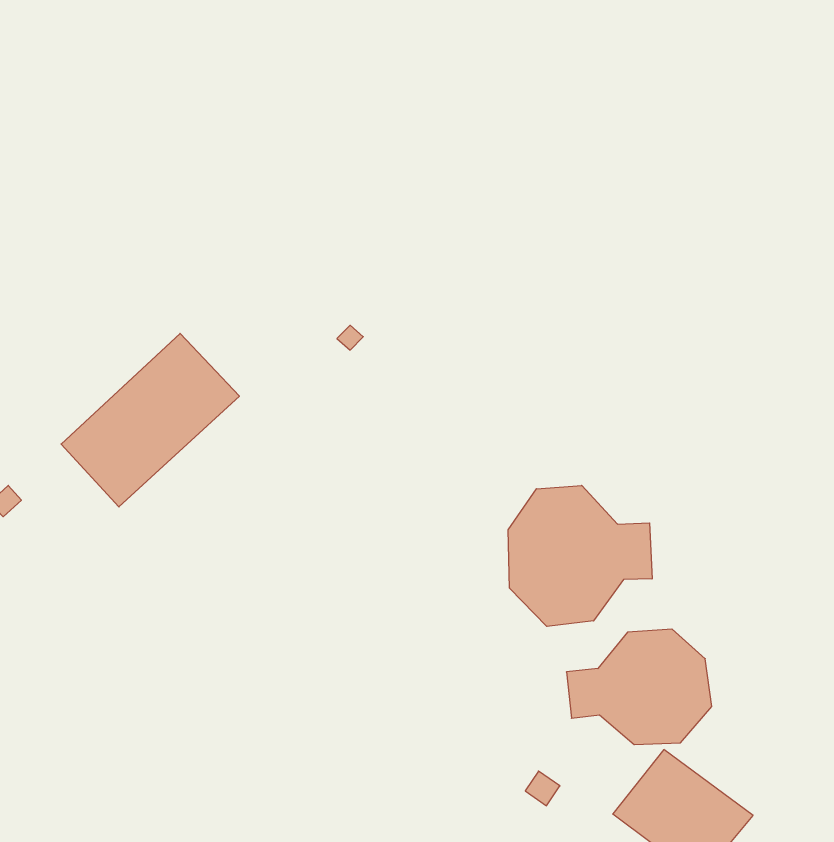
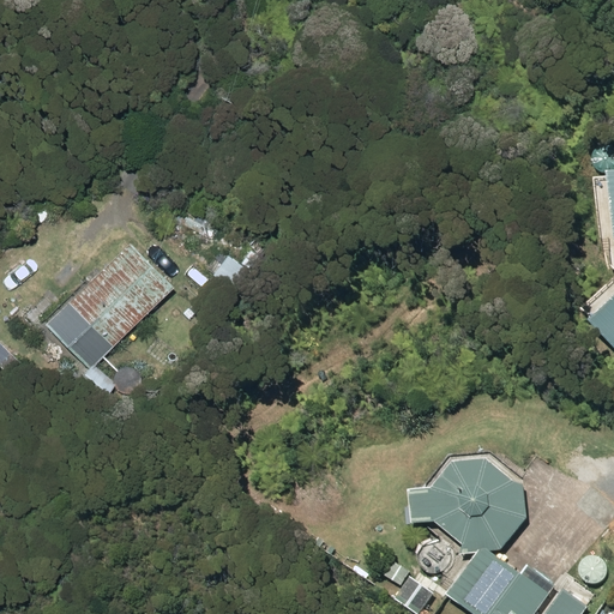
building: [508,485,652,626] -> none

